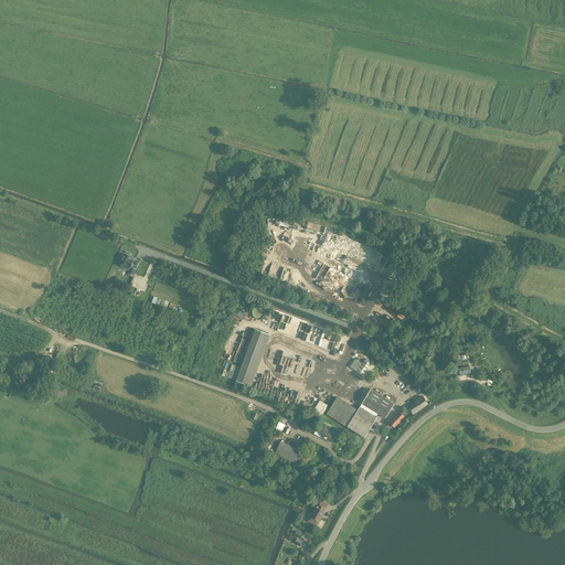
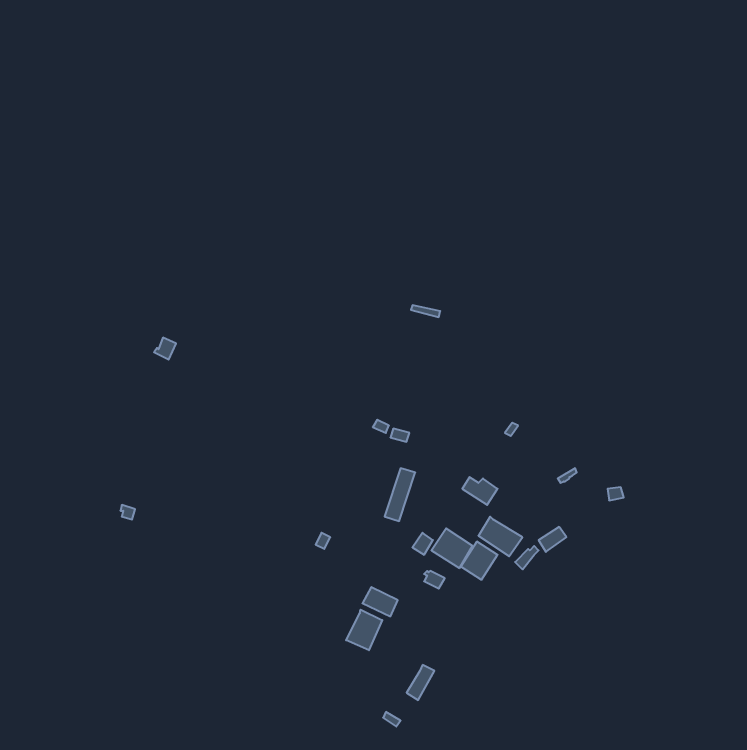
building: [234,329,268,385] -> none
building: none -> [346,610,382,650]

